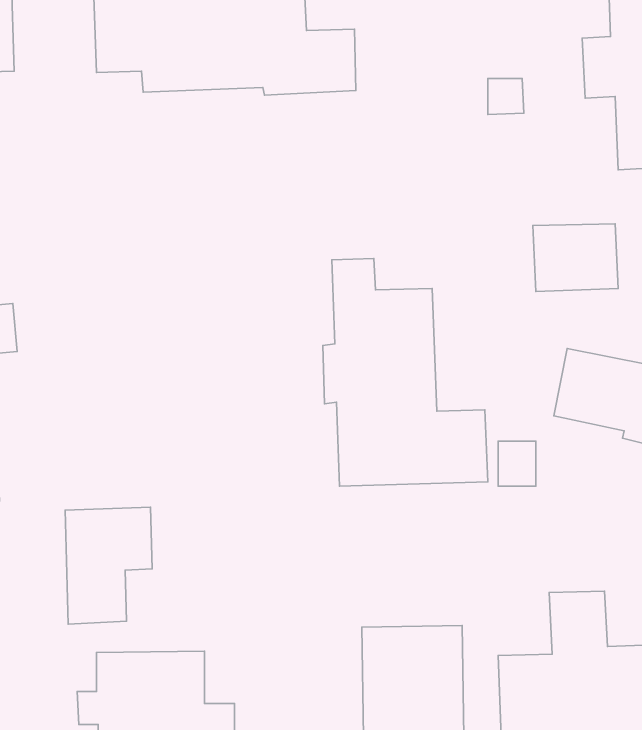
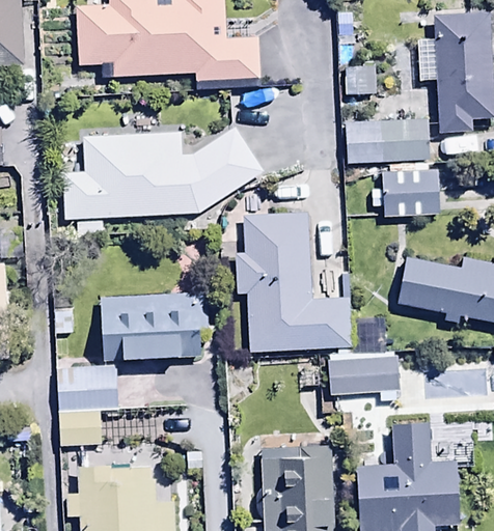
building: none -> [347,120,430,163]
building: none -> [61,125,262,235]
building: none -> [101,294,208,361]
building: none -> [327,357,401,394]

